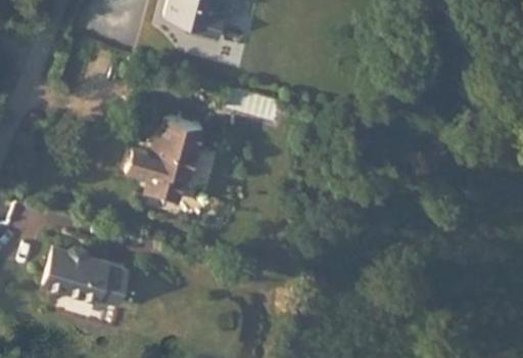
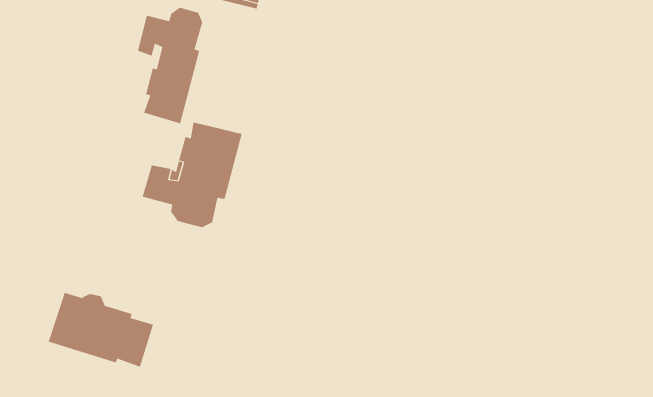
building: none -> [137,7,203,124]

